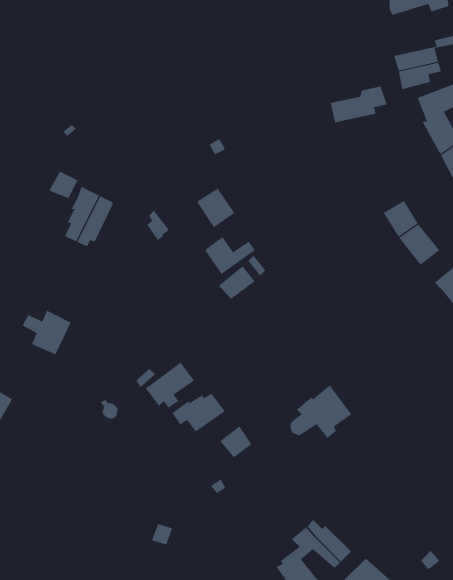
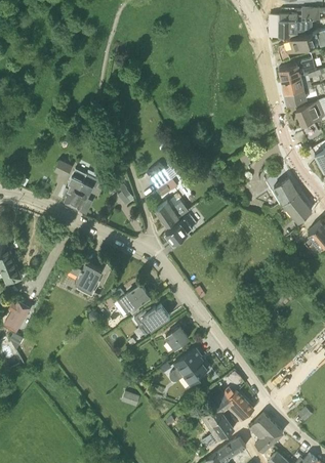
building: [330,86,387,123] -> [278,57,316,82]
building: [22,310,71,355] -> [69,261,101,291]
building: [290,385,352,439] -> [169,347,210,383]

